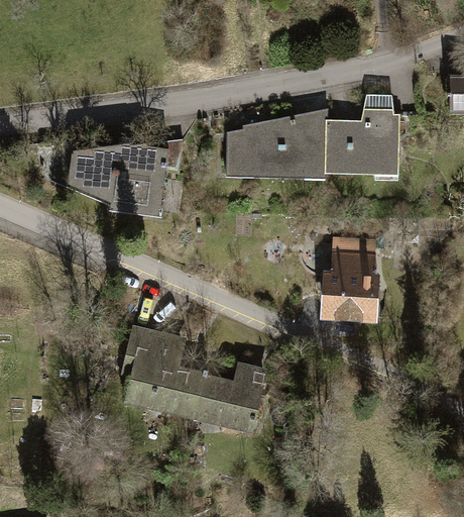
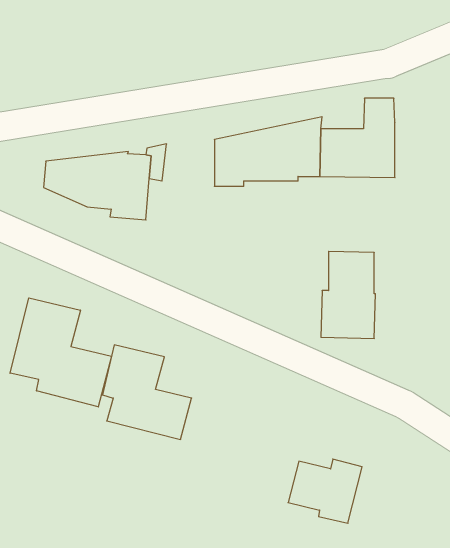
building: none -> [10,298,112,407]
building: [196,374,264,433] -> [288,459,362,523]

